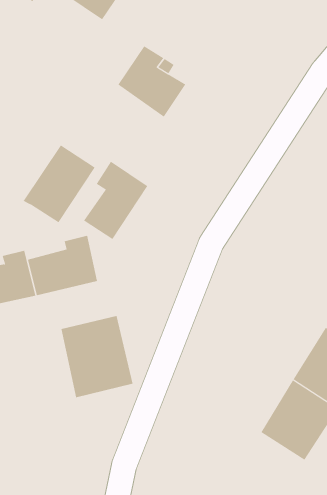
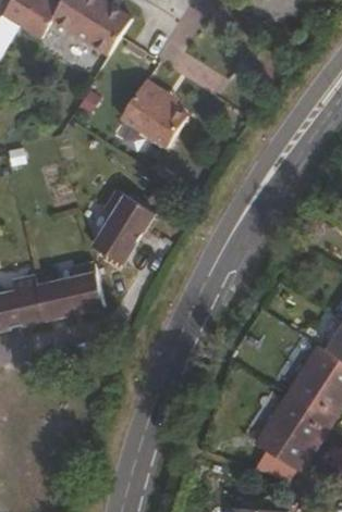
building: [23,144,96,223] -> none
building: [61,315,133,398] -> none

